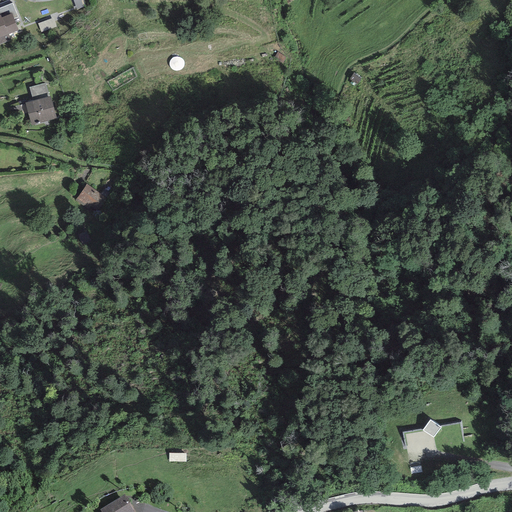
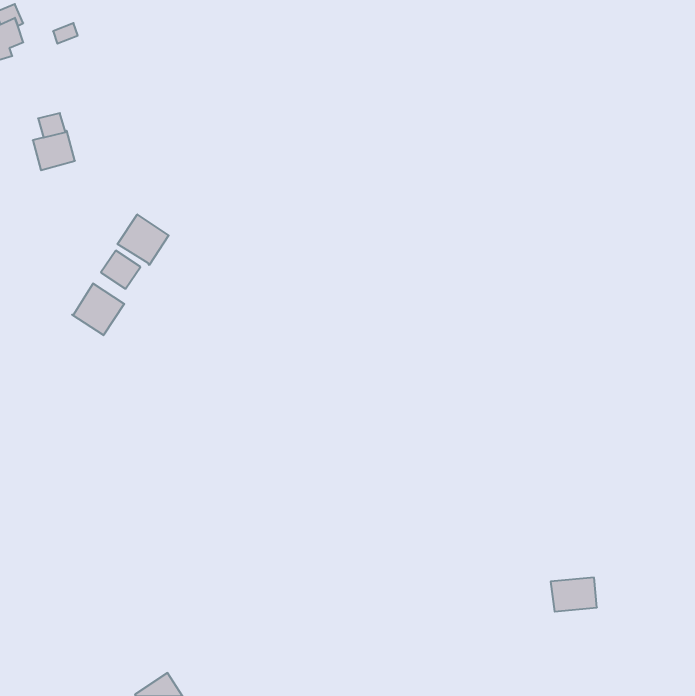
building: none -> [118,214,169,265]
building: none -> [72,283,124,335]

